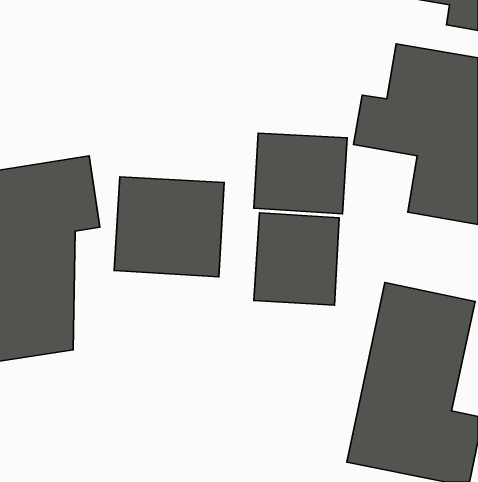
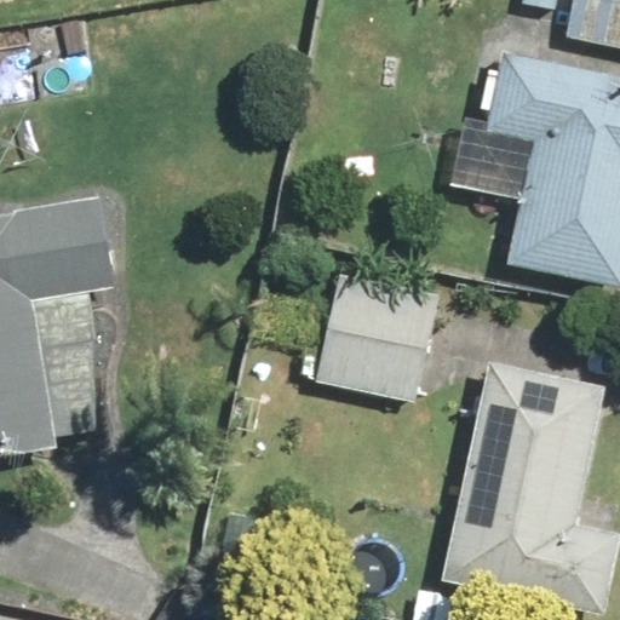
building: [254,133,347,214] -> none
building: [114,177,224,277] -> none

